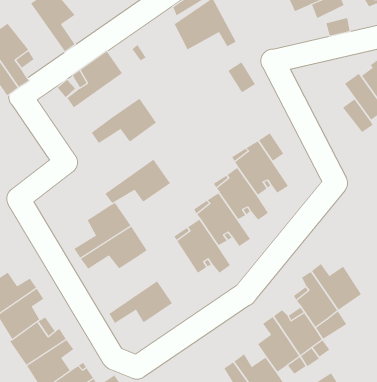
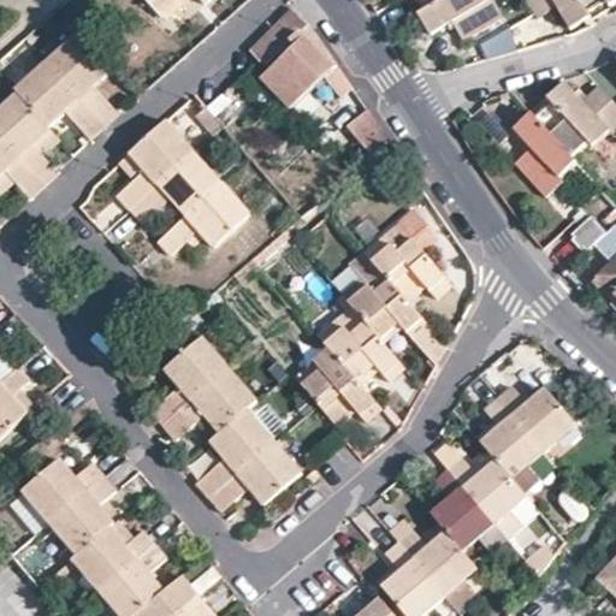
building: none -> [13,65,102,143]
building: [105,159,171,204] -> [125,149,219,221]
building: none -> [197,408,276,498]

